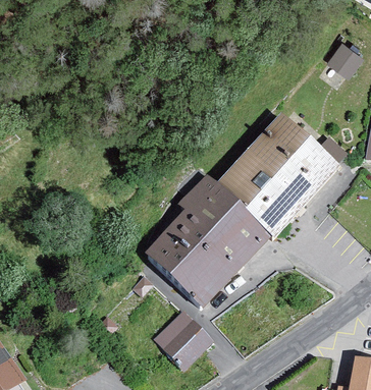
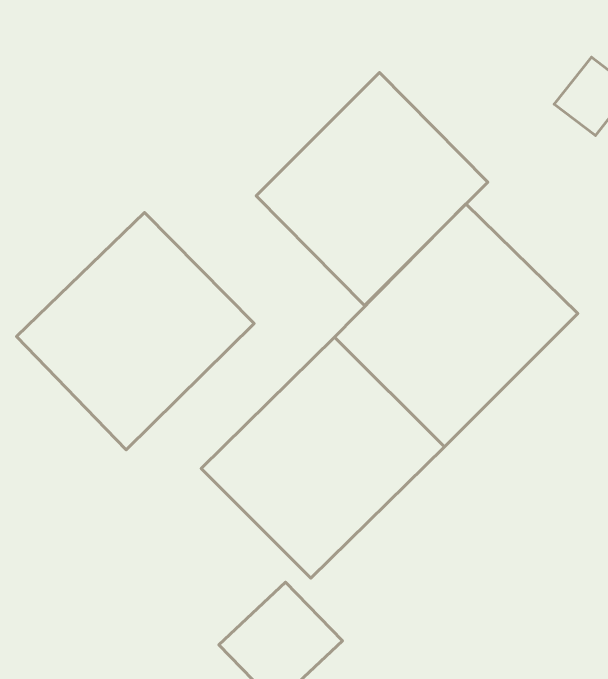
building: none -> [256,73,488,305]
building: none -> [16,212,254,450]

